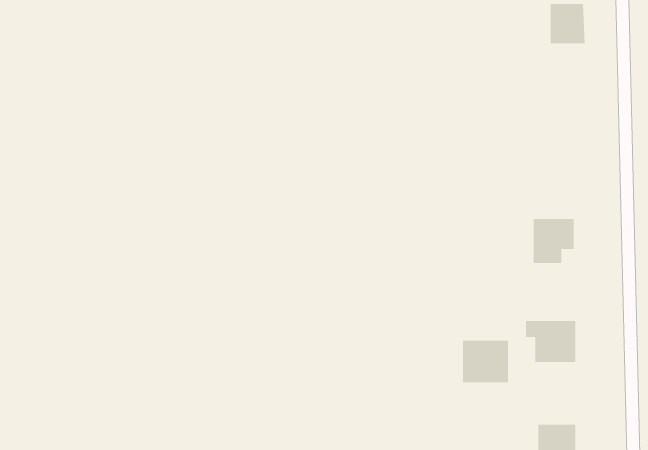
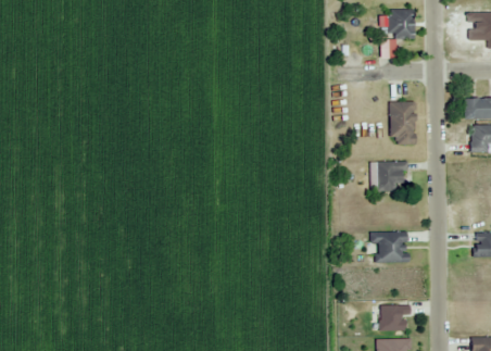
building: none -> [391,102,416,143]
building: [463,340,508,383] -> none

